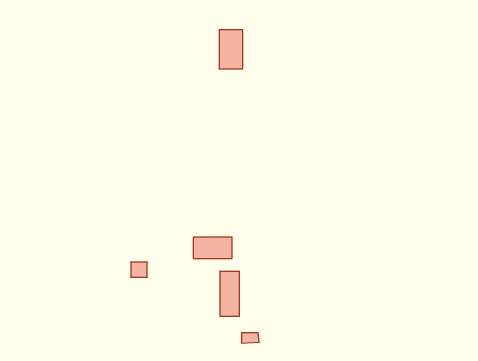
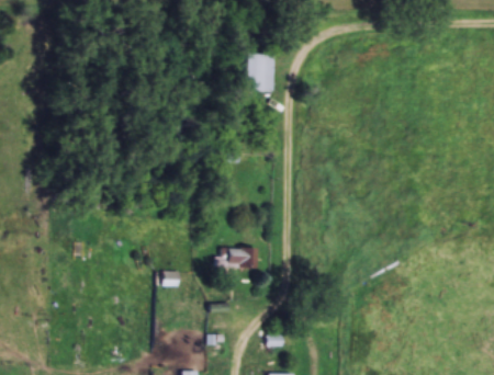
building: [220,271,239,316] -> none

